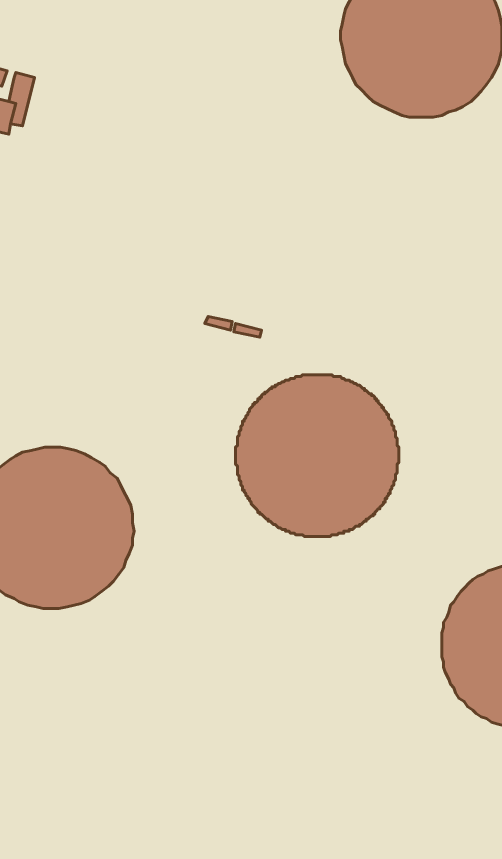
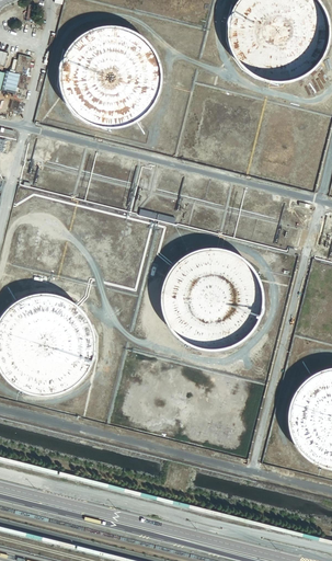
building: none -> [57,23,160,127]

